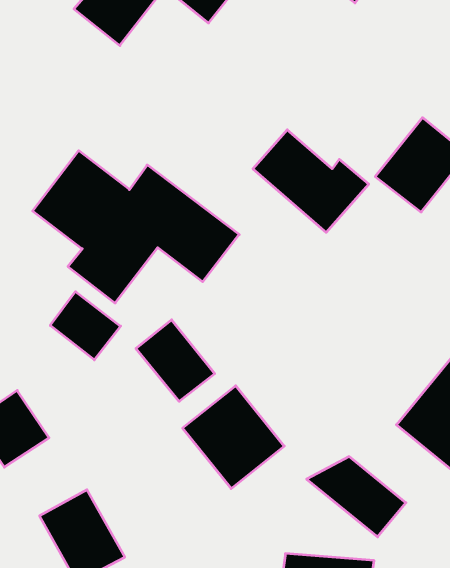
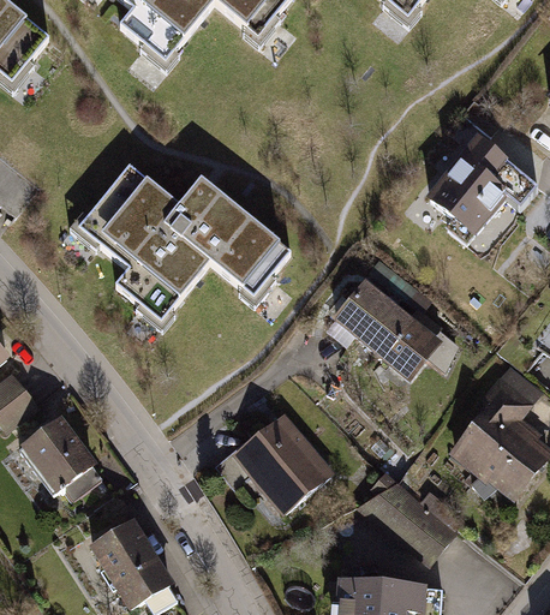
building: [253,130,369,232] -> [330,275,448,380]
building: [50,292,121,360] -> none
building: [136,320,215,401] -> none

